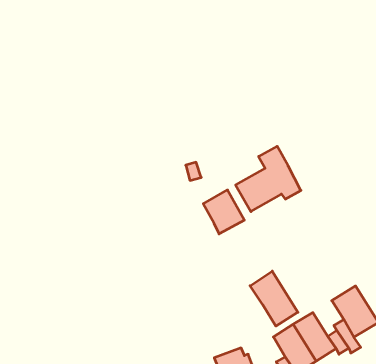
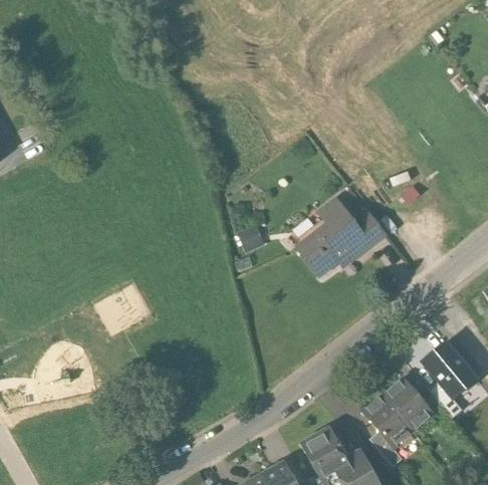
building: none -> [353,207,387,243]
building: [203,190,244,234] -> none
building: [250,271,298,326] -> none

